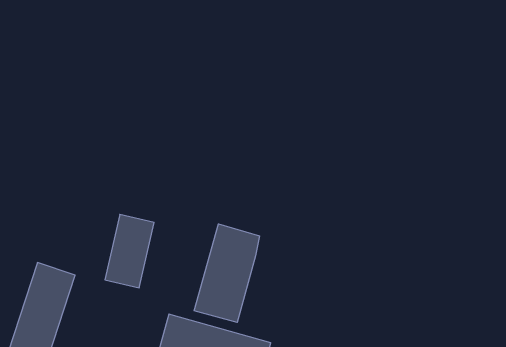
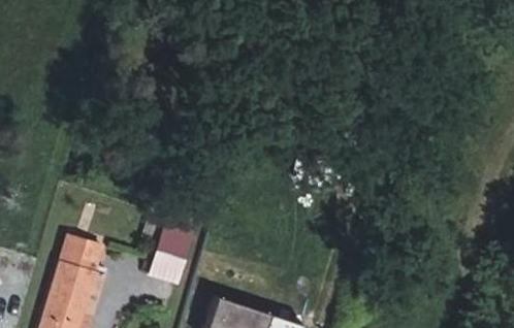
building: [194,224,260,322] -> none

